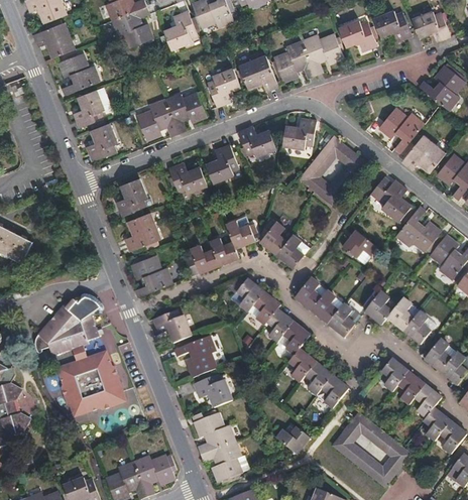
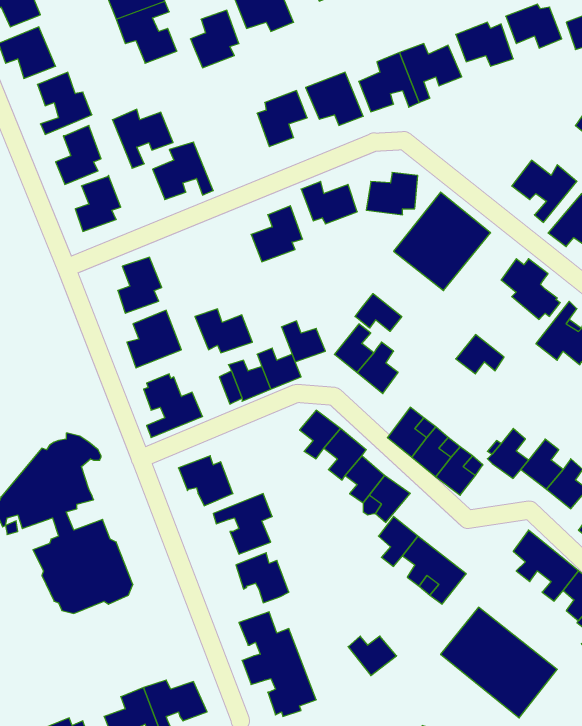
building: [166,93,207,132] -> [112,109,173,168]
building: [166,160,205,190] -> [195,309,252,353]
building: none -> [355,294,402,331]

